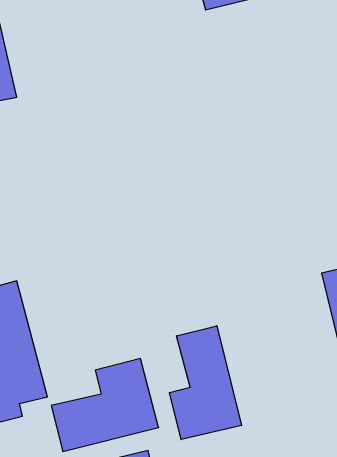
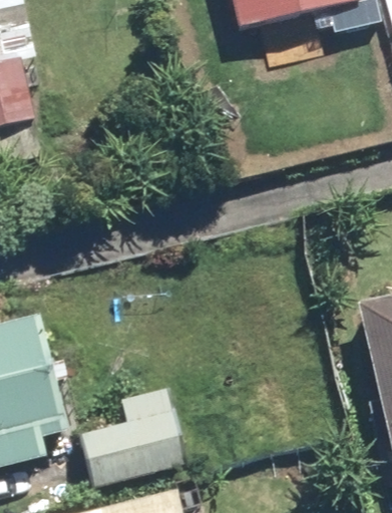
building: [169,326,242,440] -> none

